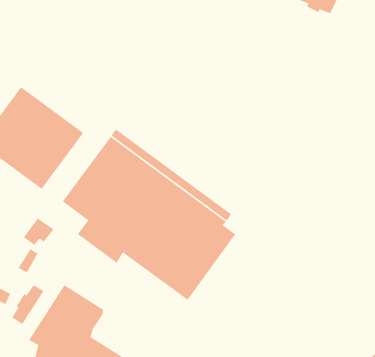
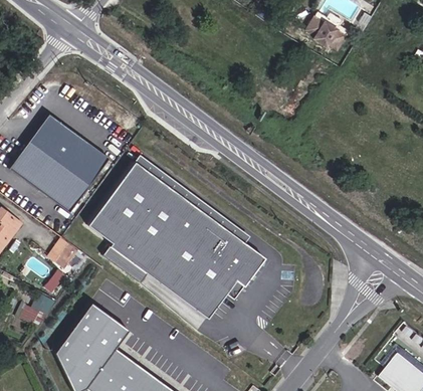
building: none -> [225,243,263,300]
building: [11,284,44,325] -> none

